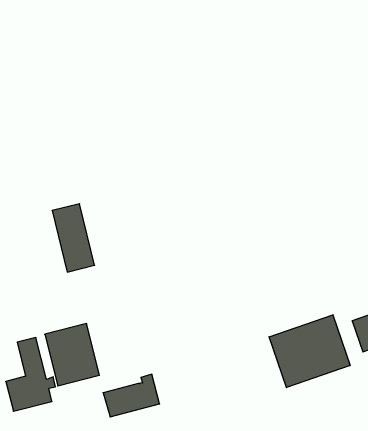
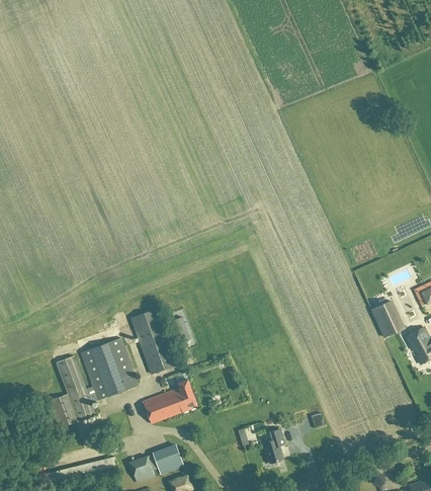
building: [52,204,95,272] -> [130,308,175,374]
building: [269,315,350,388] -> none

